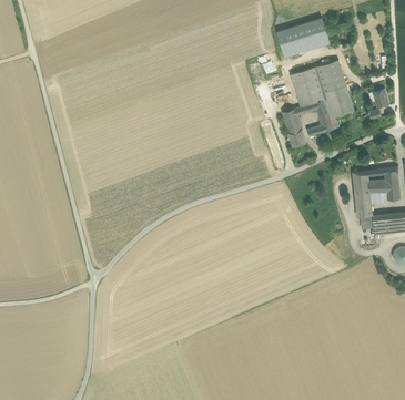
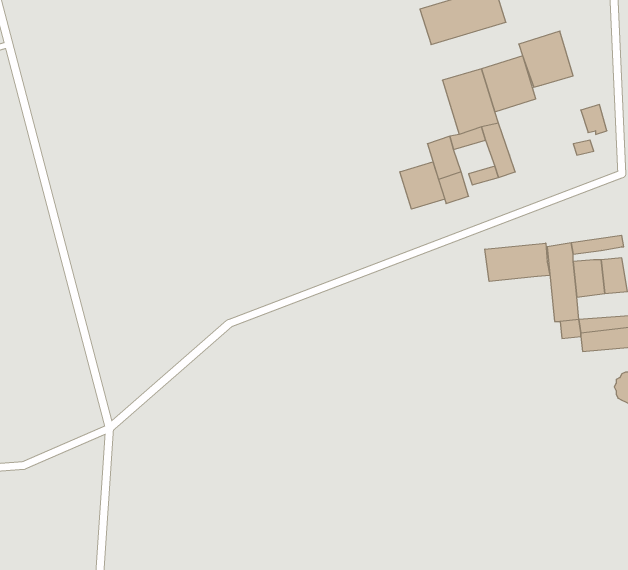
building: [322,85,354,119] -> [519,31,573,87]
building: none -> [400,162,445,209]
building: none -> [485,243,550,281]

